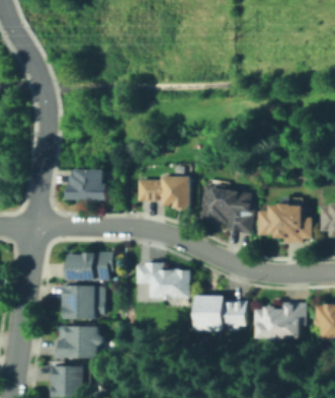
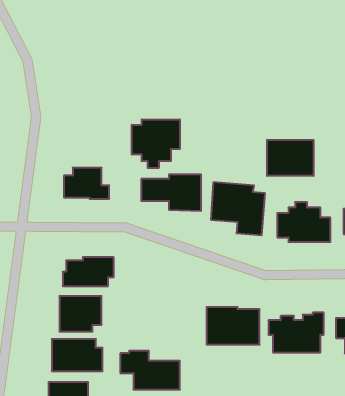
building: none -> [132,119,180,168]
building: none -> [267,140,314,176]
building: [136,260,190,296] -> [120,351,180,390]

